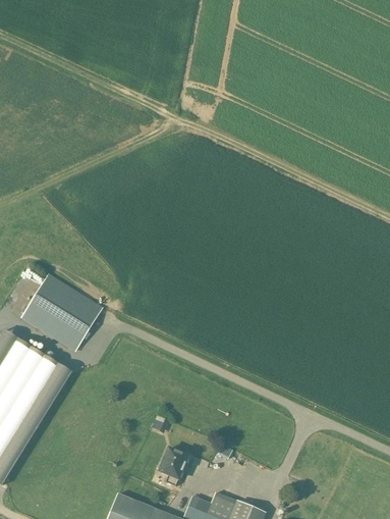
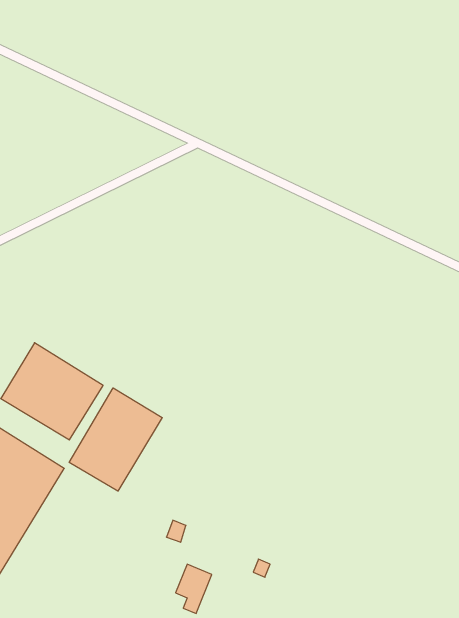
building: none -> [69,388,162,491]

